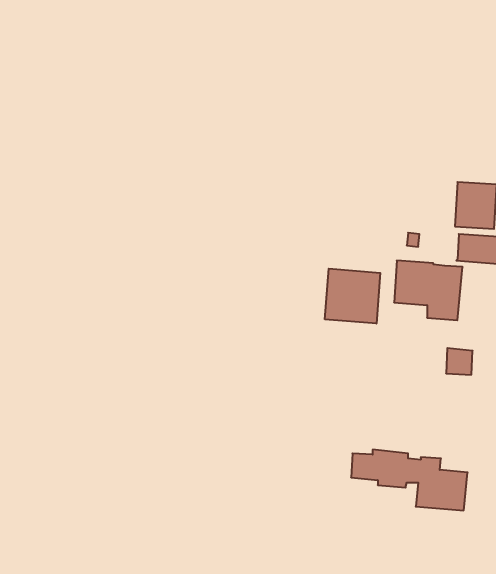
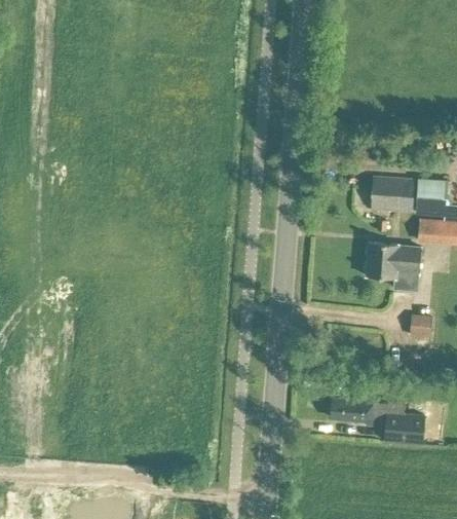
building: none -> [371,178,414,213]
building: [325,269,380,324] -> none

